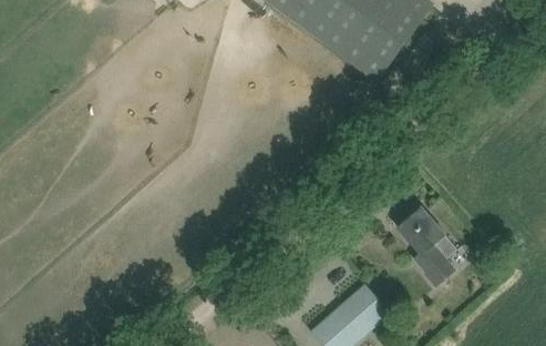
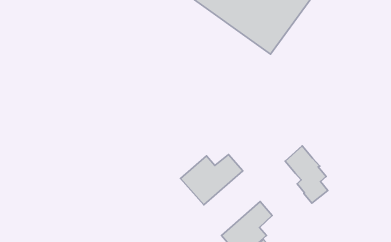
building: none -> [180,154,243,205]

